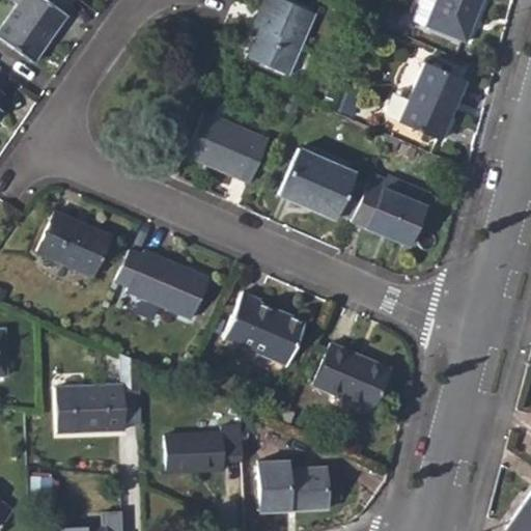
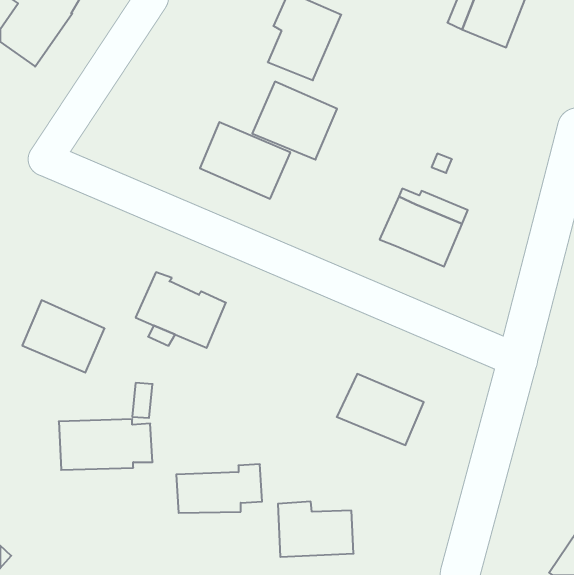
building: [400,61,467,139] -> none
building: [279,147,357,219] -> [252,82,337,160]
building: [37,209,113,276] -> [22,300,105,373]
building: [224,292,306,364] -> none

